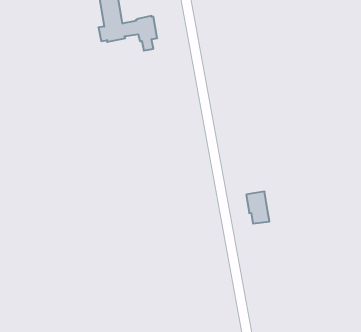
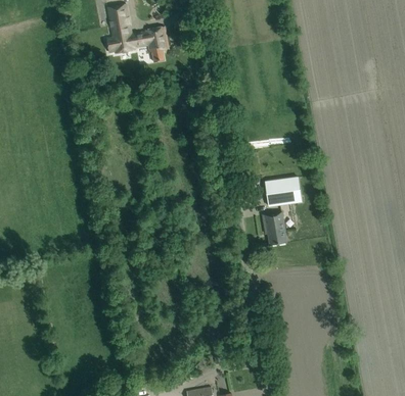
building: none -> [264,177,301,206]

